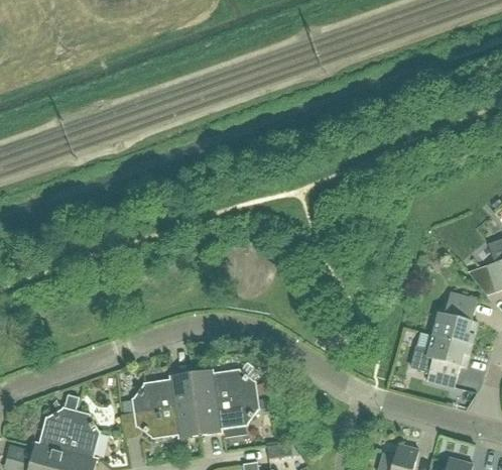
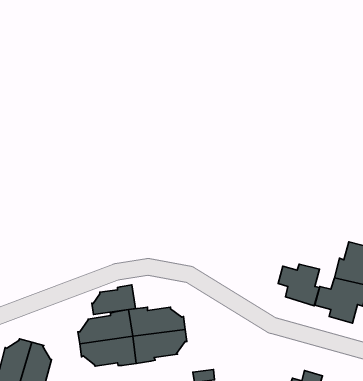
building: none -> [278,264,320,306]
building: none -> [92,285,136,314]

